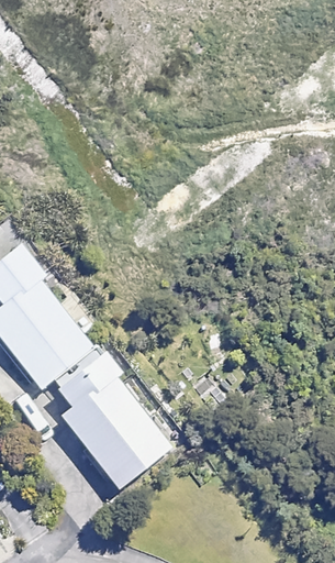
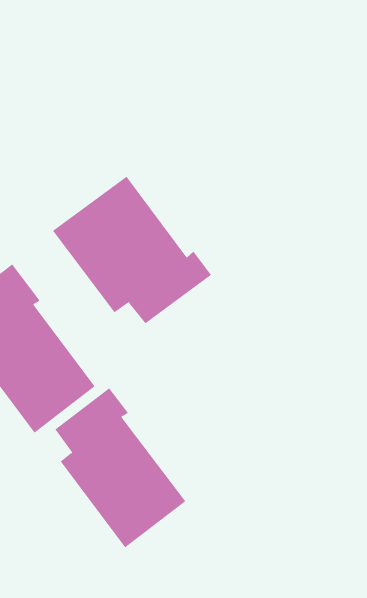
building: none -> [52,176,212,324]

